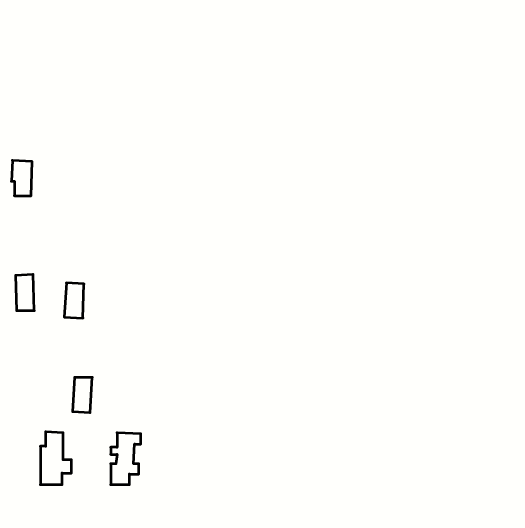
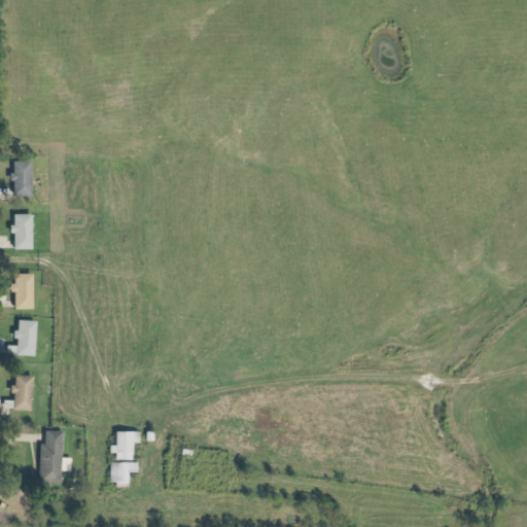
building: none -> [10,213,33,248]
building: [64,283,84,318] -> [16,319,36,354]
building: [73,377,92,413] -> [13,375,33,410]

